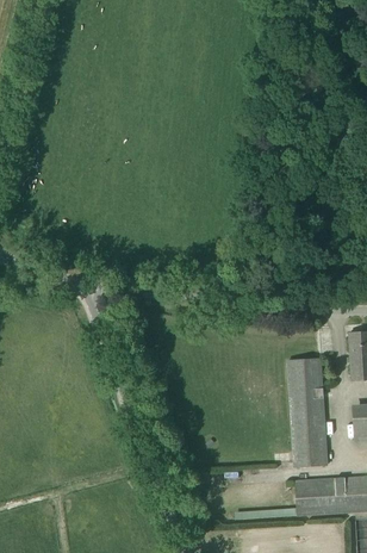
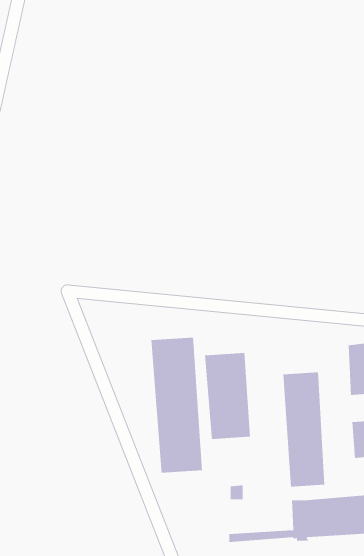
building: none -> [151,337,203,473]
building: none -> [205,352,251,440]

